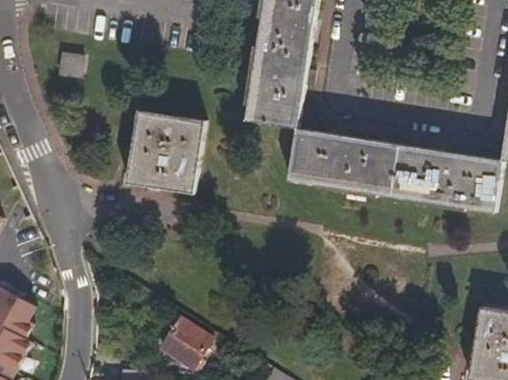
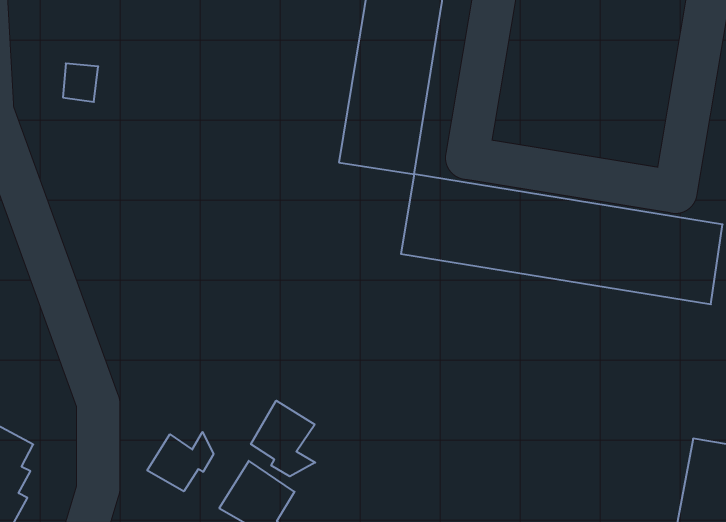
building: [126,107,205,191] -> none
building: none -> [251,401,315,476]
building: none -> [147,432,213,491]

